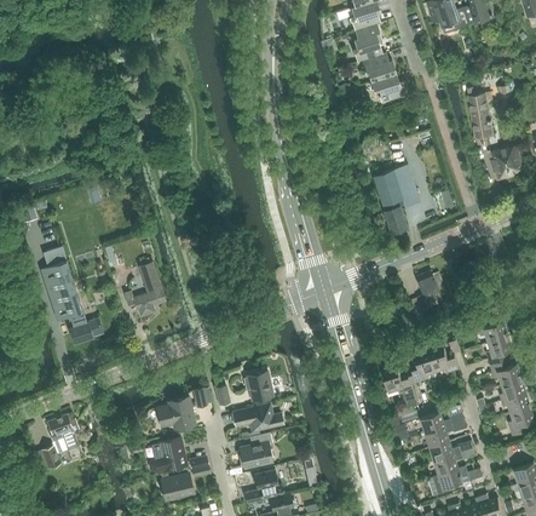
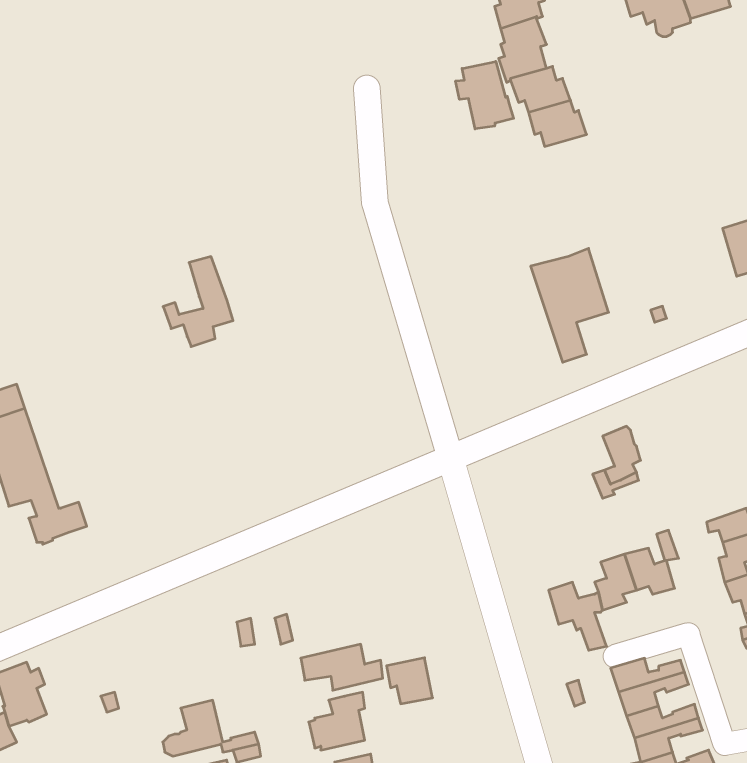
building: none -> [456,61,514,129]
building: [467,93,491,137] -> none
building: [122,262,165,316] -> [163,257,233,347]
building: [243,372,271,400] -> [387,658,433,704]
building: [157,397,194,429] -> none

